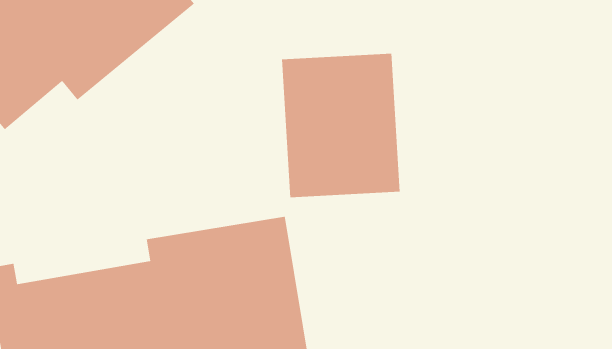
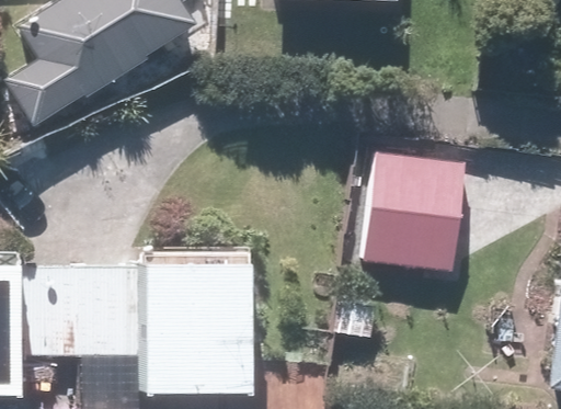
building: [281,53,400,198] -> [360,151,467,279]

